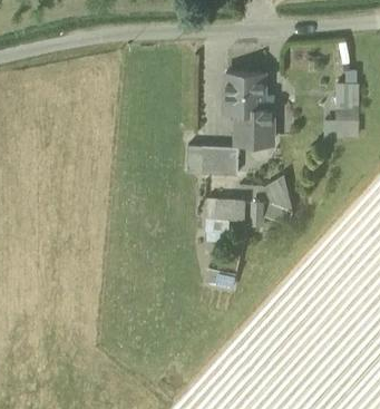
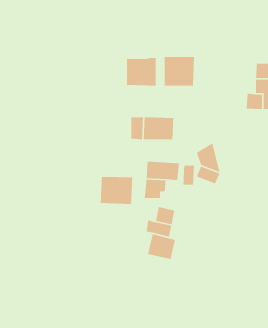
building: [236,108,272,143] -> [126,57,156,86]
building: none -> [100,176,133,205]
building: none -> [147,233,176,260]

